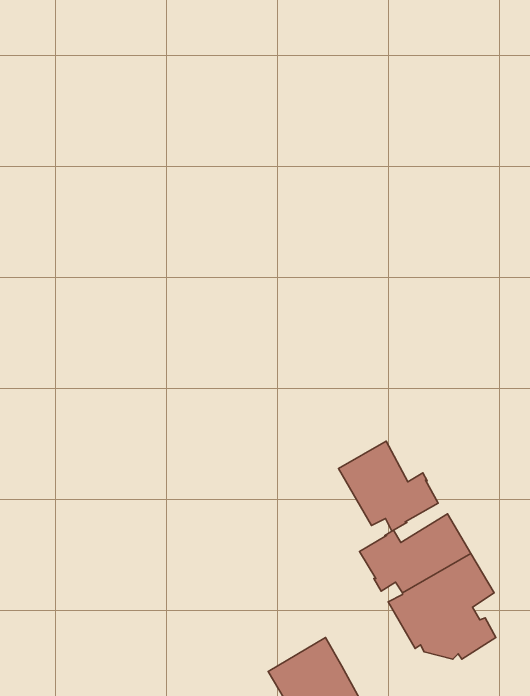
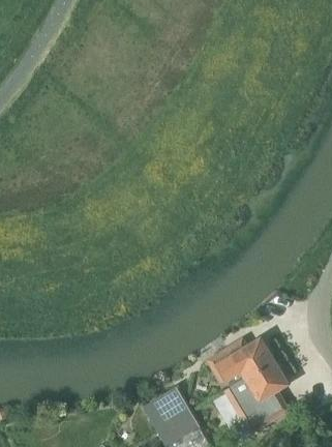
building: [338,441,438,531] -> none
building: none -> [145,387,190,429]

